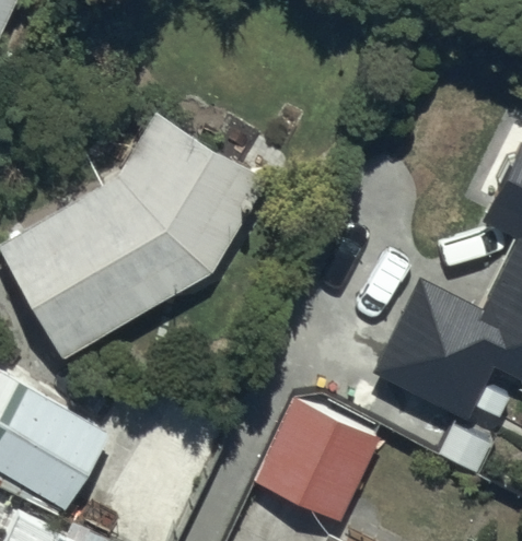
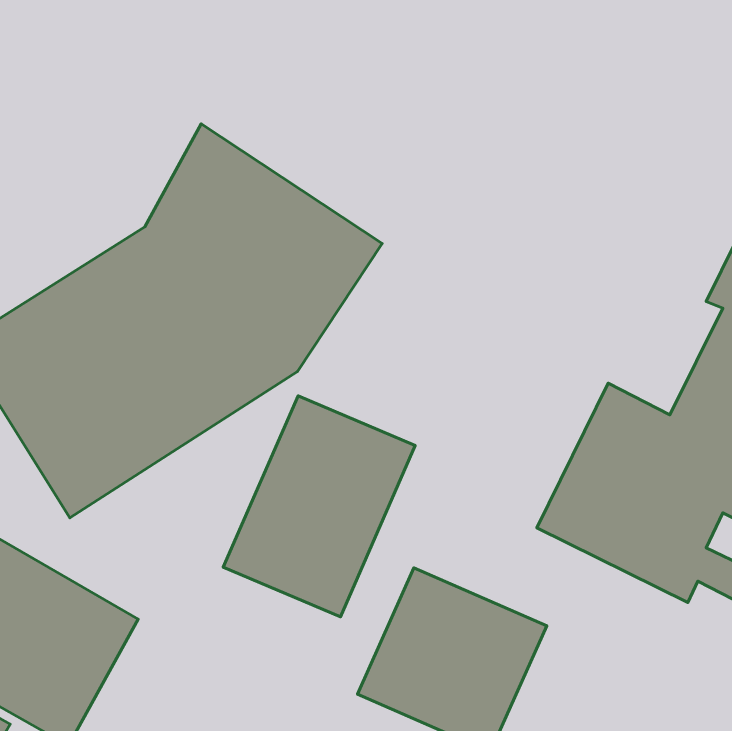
building: none -> [223,396,415,617]

